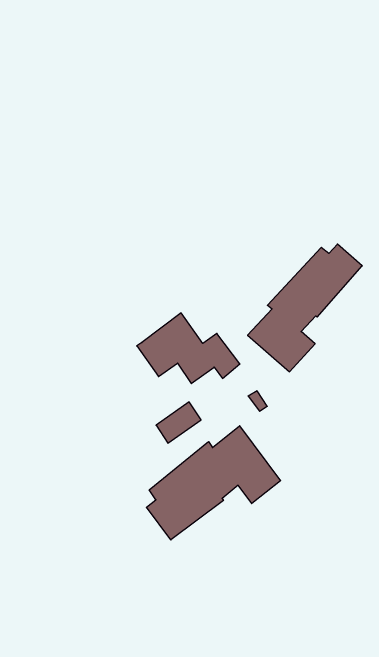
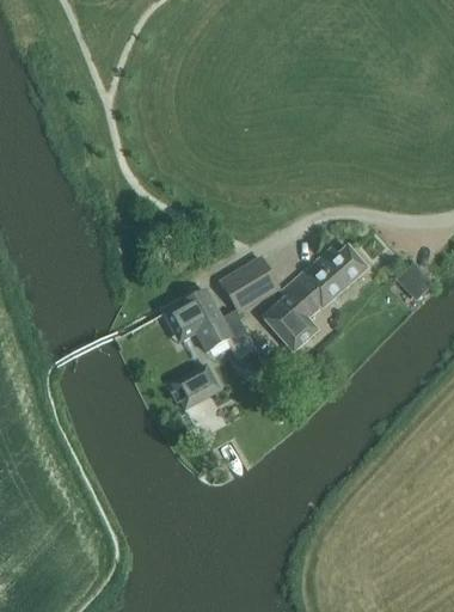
building: none -> [219,256,280,313]
building: [146,426,281,540] -> none

